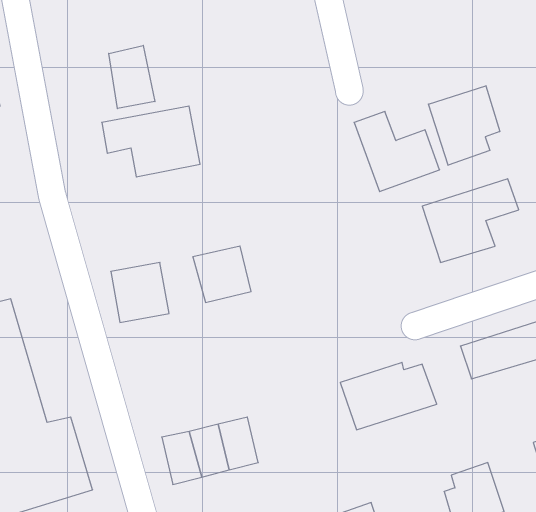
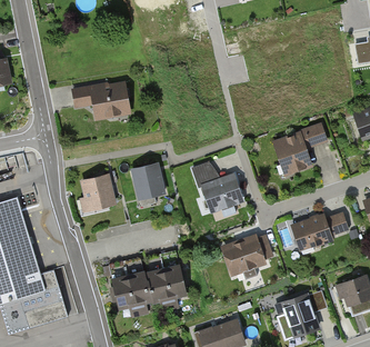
building: [109,45,155,109] -> none
building: [428,86,500,165] -> none
building: [354,111,440,192] -> [190,162,242,211]
building: none -> [161,267,184,298]

